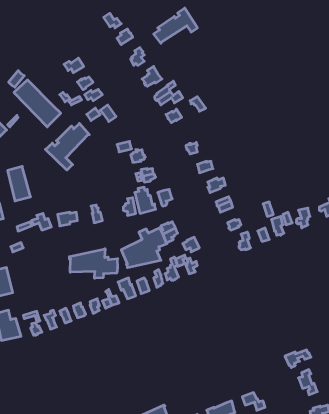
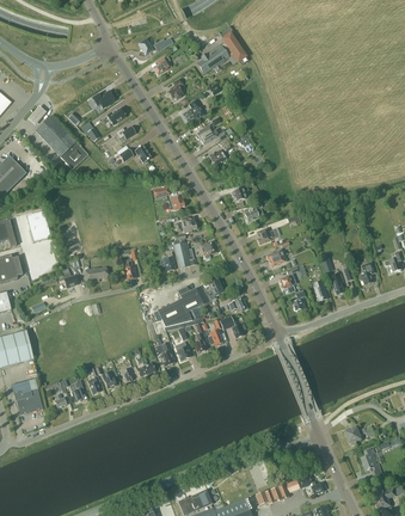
building: [45,123,89,170] -> none
building: [69,249,118,278] -> none

